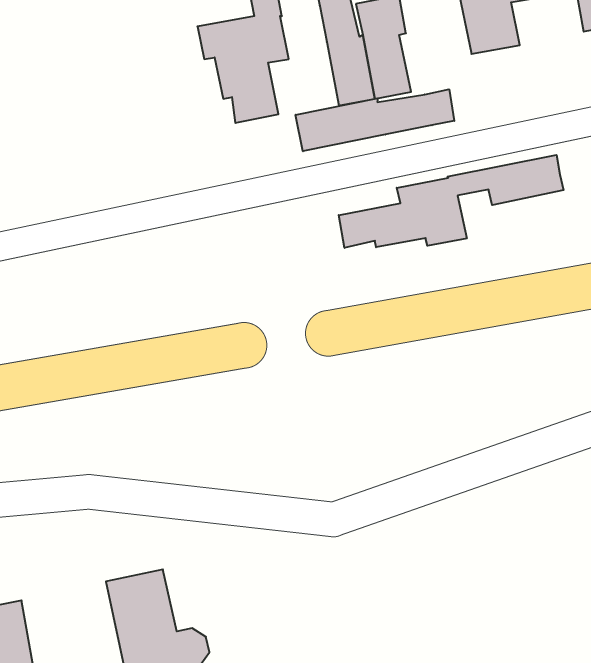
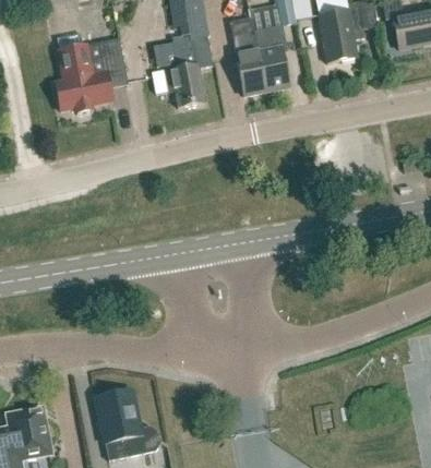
building: none -> [55,38,123,115]
building: [296,89,454,151] -> none
building: [339,155,564,248] -> none

